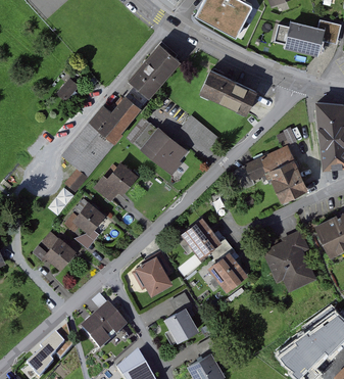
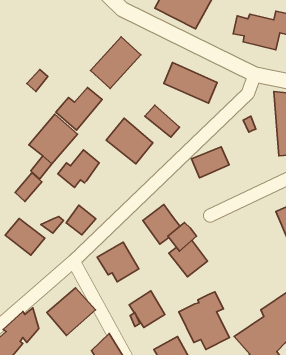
building: [260,146,305,200] -> none
building: [71,201,102,232] -> [66,205,96,235]
building: [261,230,313,289] -> [179,292,230,350]

